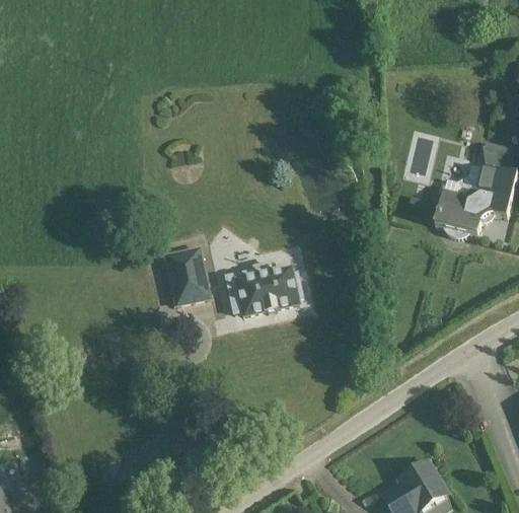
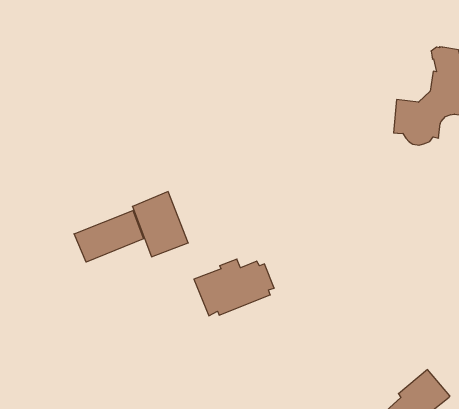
building: none -> [74,210,143,262]
building: [224,260,302,312] -> [194,259,274,316]

